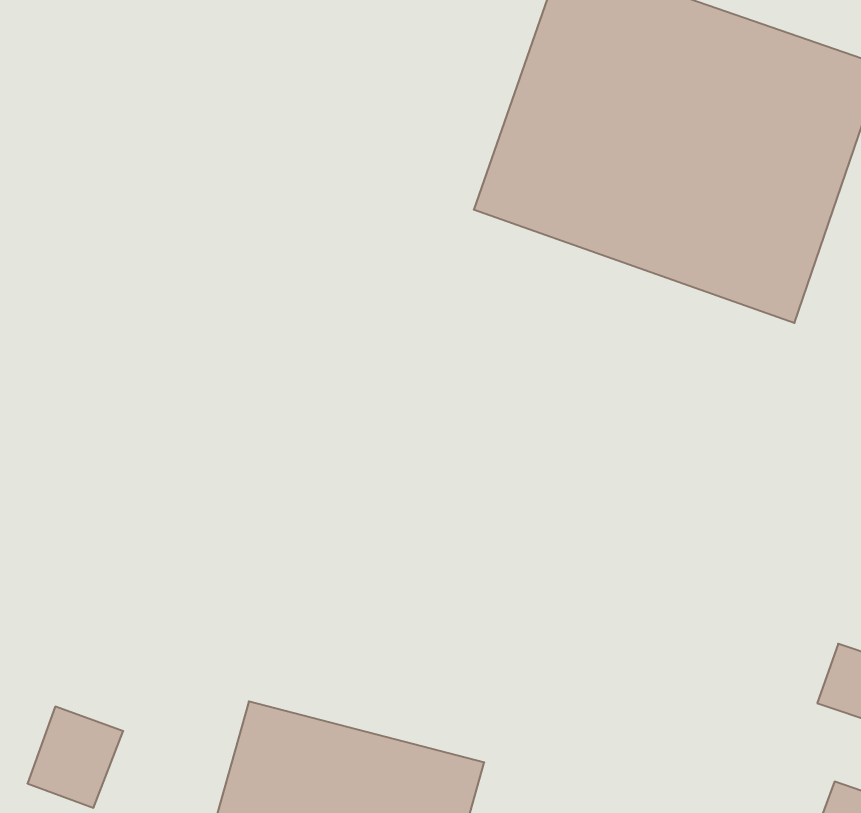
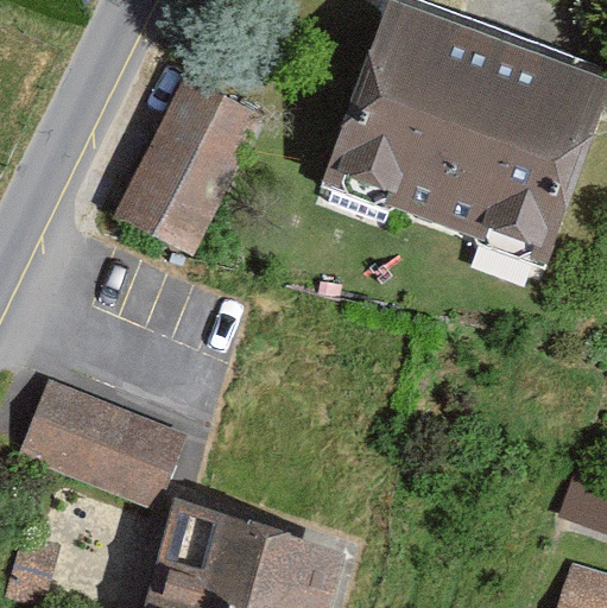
building: none -> [116,81,253,247]
building: none -> [21,382,179,506]

